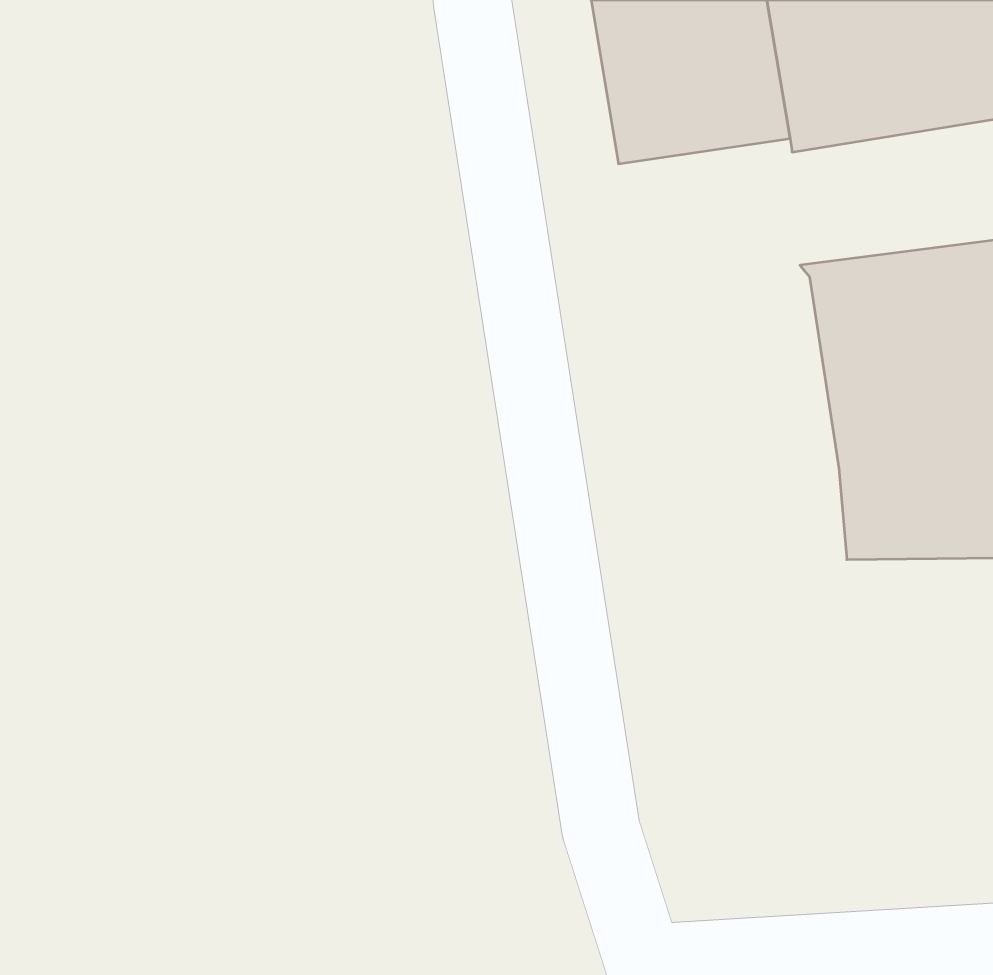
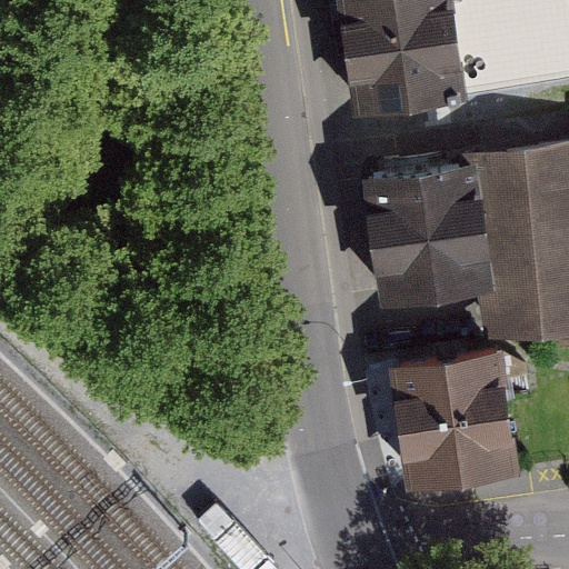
building: none -> [366,170,480,293]
building: none -> [391,358,506,481]

